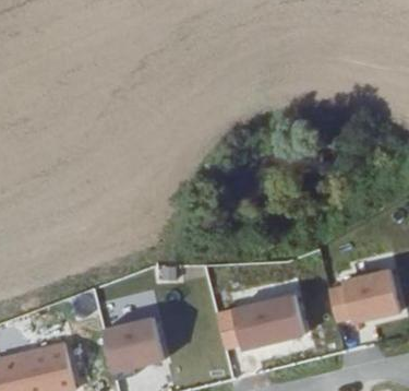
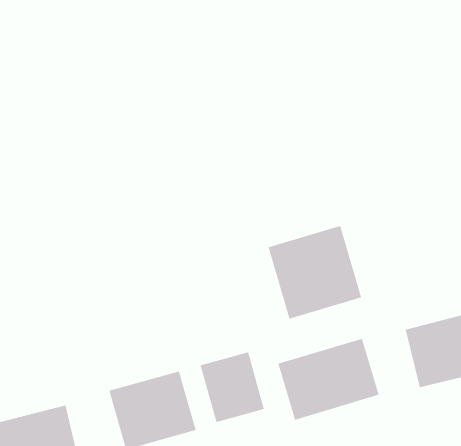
building: none -> [268,225,362,320]
building: none -> [200,352,265,423]

